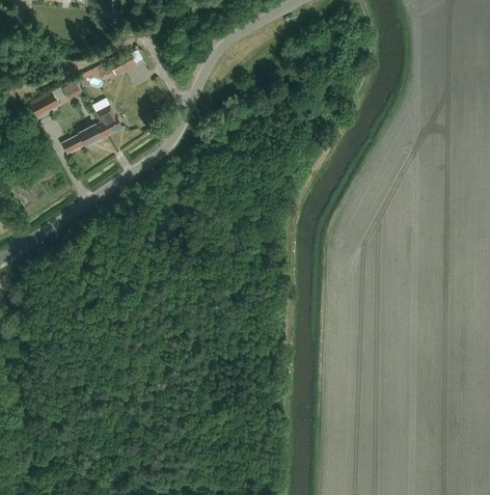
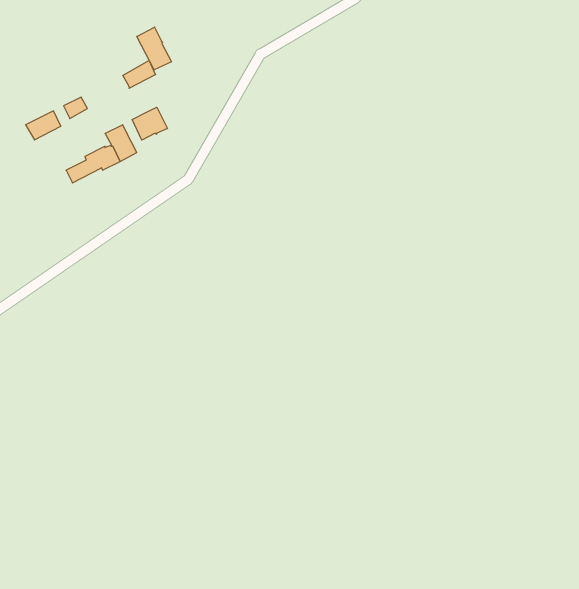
building: none -> [137,27,171,70]
building: none -> [132,107,167,140]

